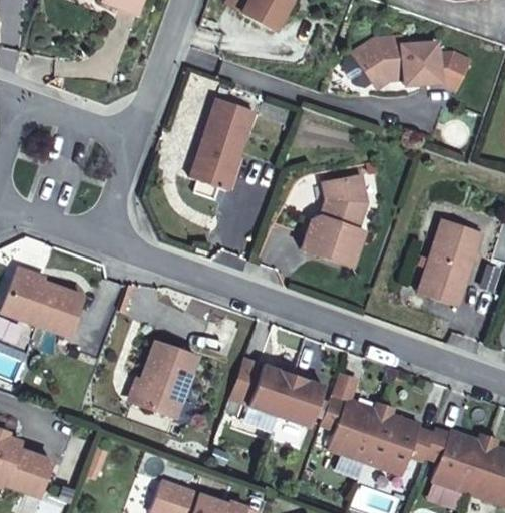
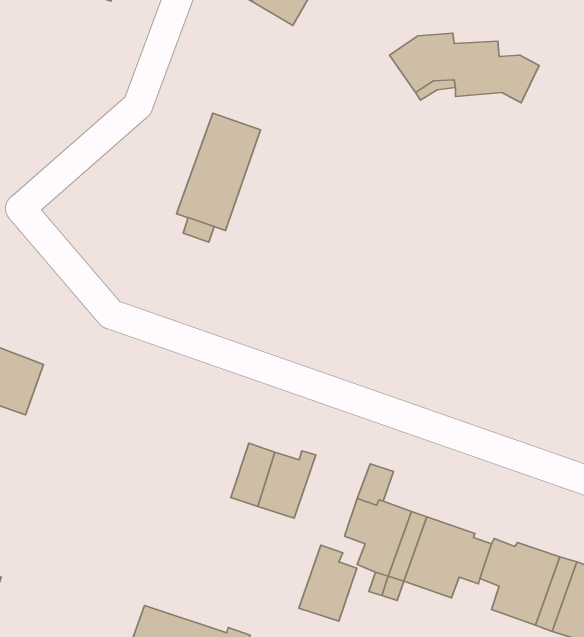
building: [304,180,364,267] -> none
building: [417,216,482,306] -> none
building: [137,336,201,412] -> none
building: [280,365,325,424] -> [299,545,357,621]

